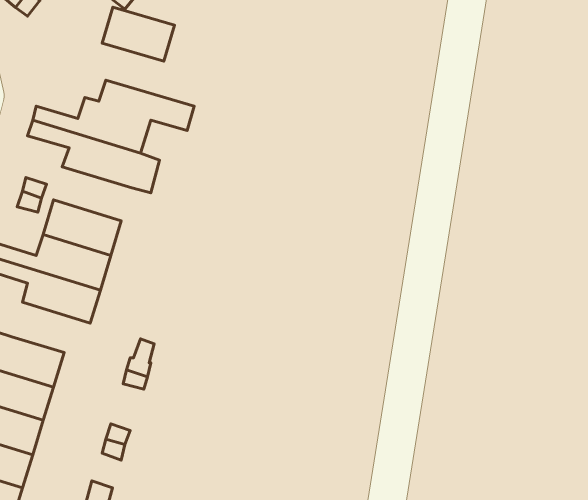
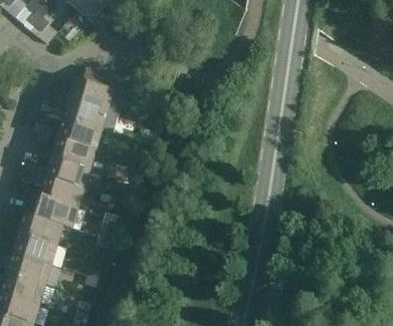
building: [102,7,175,61] -> none
building: none -> [56,118,102,149]
building: none -> [32,197,77,229]

